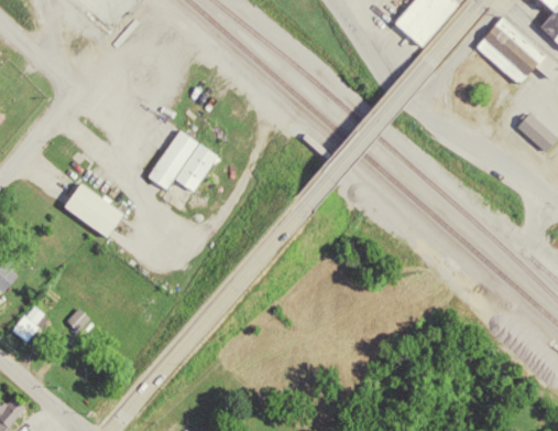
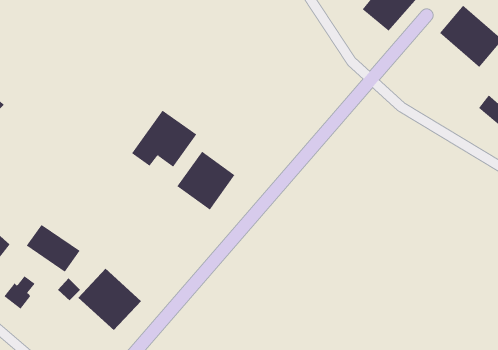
building: none -> [177,151,235,211]
building: [63,185,121,237] -> [26,224,80,272]
building: none -> [78,268,142,331]

